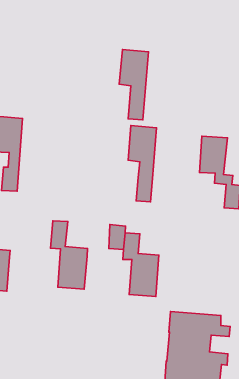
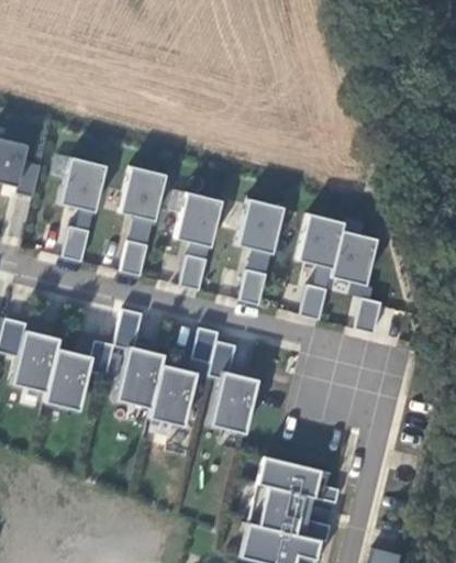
building: [119,49,148,120] -> [175,191,221,290]
building: none -> [118,165,165,276]
building: none -> [298,212,344,320]
building: none -> [44,341,114,411]
building: none -> [148,364,197,427]

